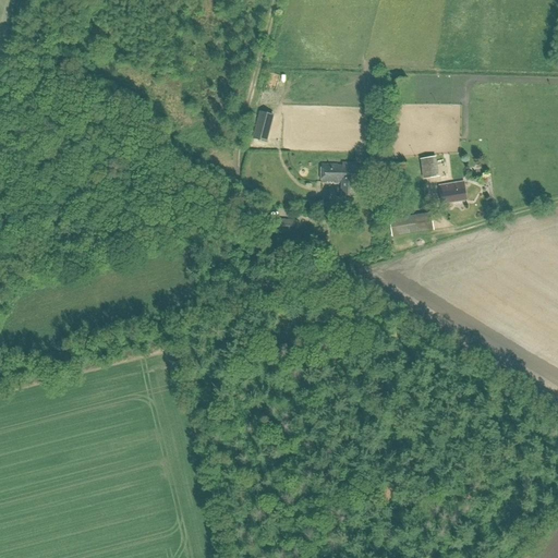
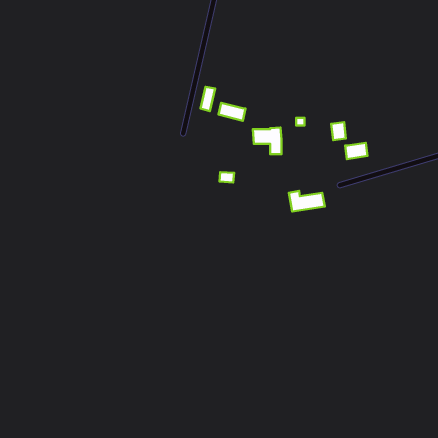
building: none -> [219,103,246,121]
building: [387,209,433,235] -> [289,191,325,212]

